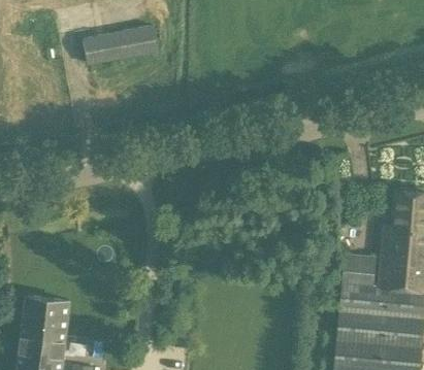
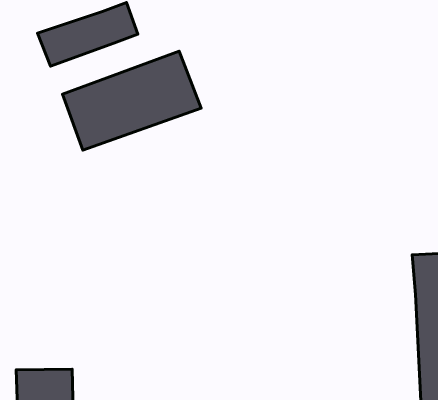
building: none -> [63,51,201,150]

